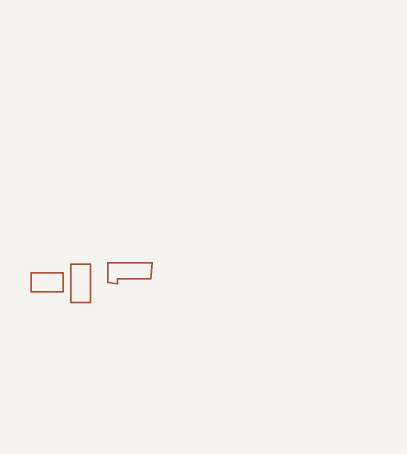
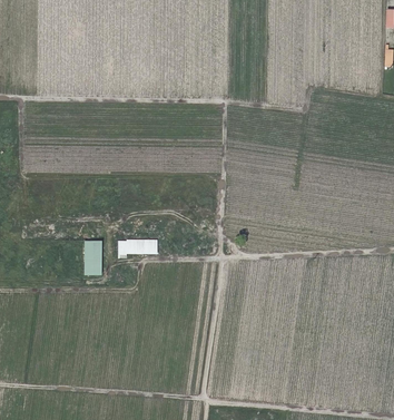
building: [31,273,63,292] -> none

